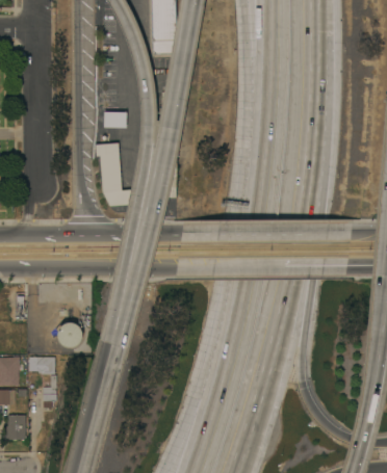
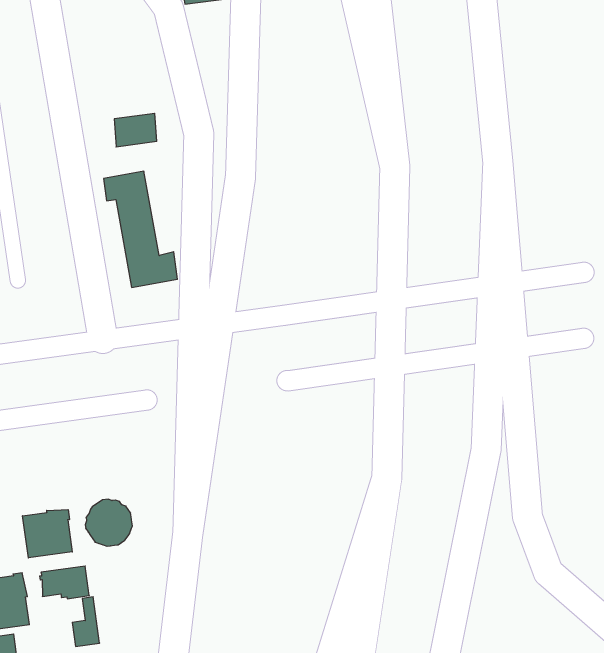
building: none -> [23,510,72,558]

